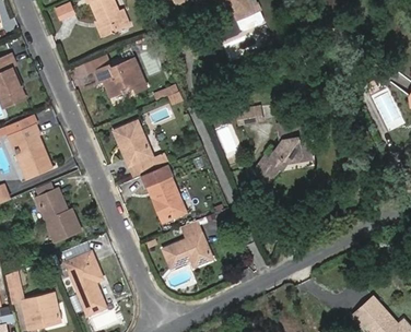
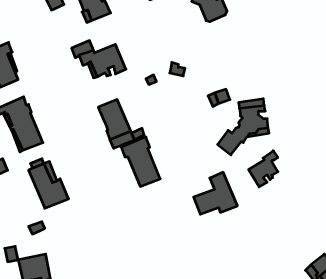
building: none -> [249,151,278,187]
building: [163,221,213,269] -> [194,172,237,214]
building: [64,253,106,319] -> none

